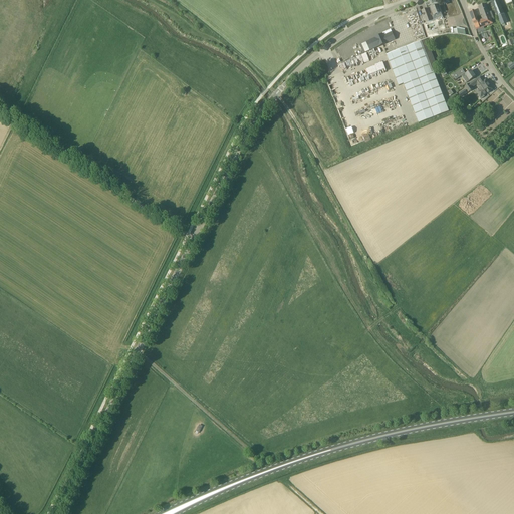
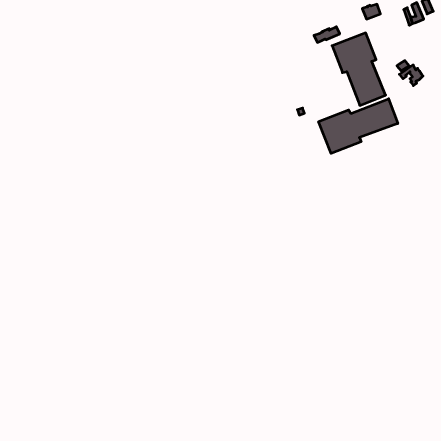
building: none -> [319,99,398,153]

